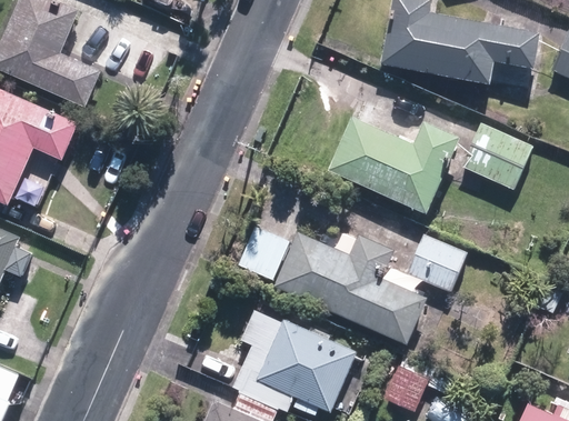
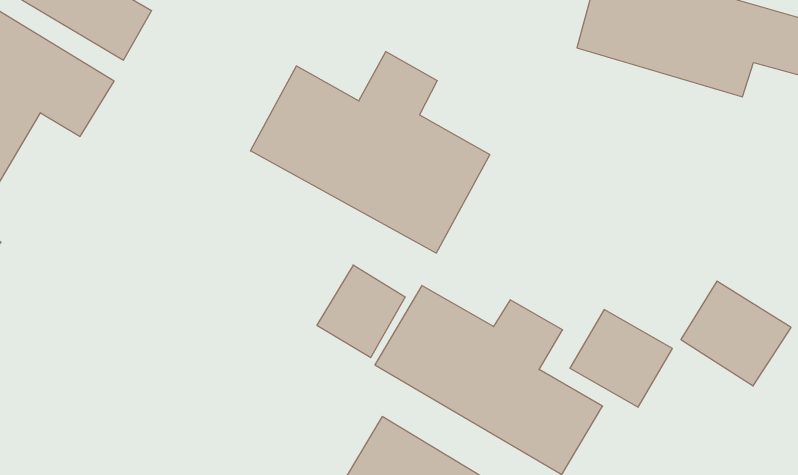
building: none -> [250,52,490,253]
building: [326,117,460,209] -> none
building: [458,128,529,193] -> [681,281,791,386]

